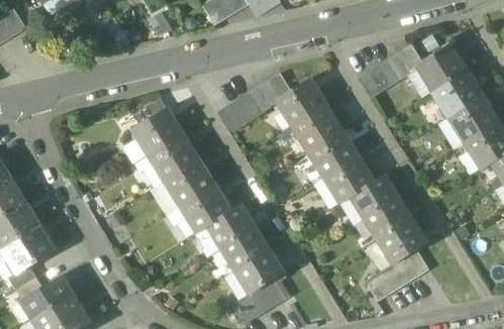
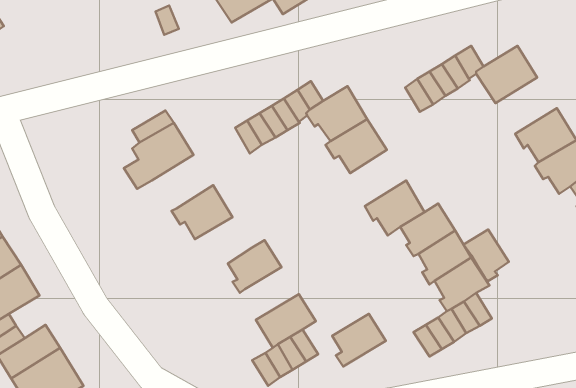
building: [432,71,483,115] -> none
building: [308,130,359,177] -> none
building: [148,134,199,179] -> none
building: [181,186,231,230] -> none
building: none -> [464,229,509,281]
building: [225,227,270,270] -> [332,314,386,367]

